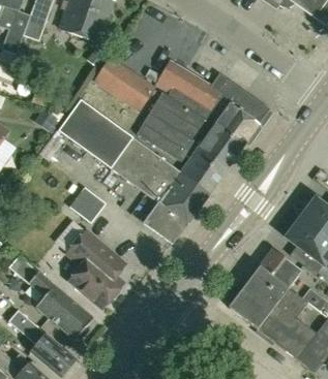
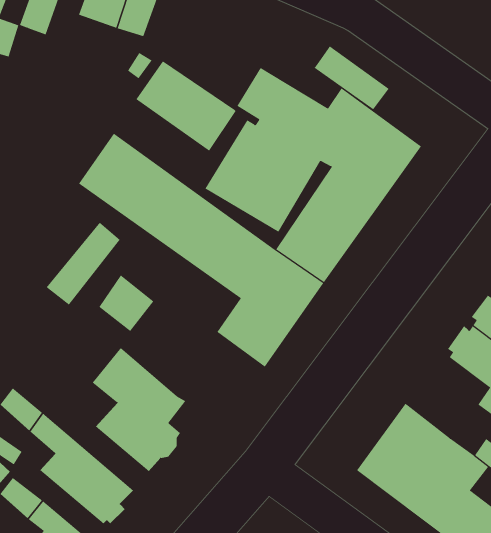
building: none -> [314,45,390,110]
building: none -> [46,222,120,306]
building: [259,249,299,287] -> none

